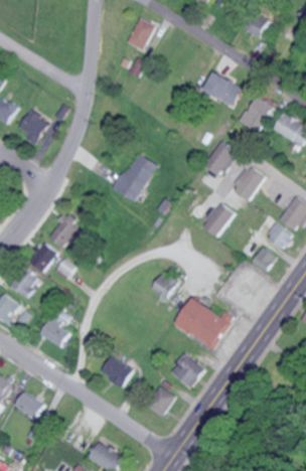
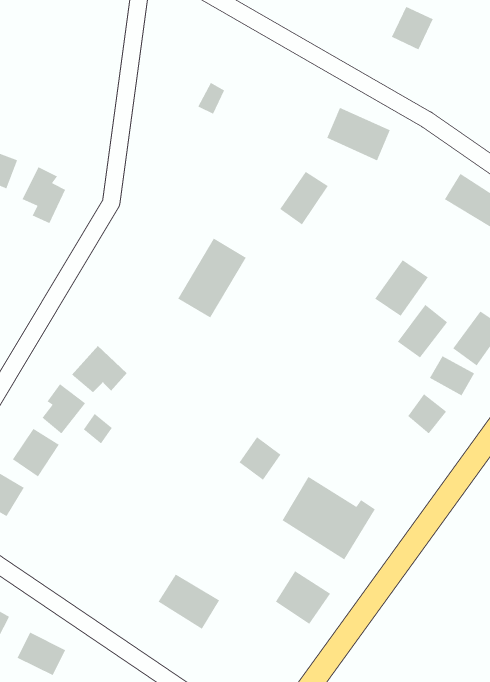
building: [123,18,150,49] -> none
building: [241,96,279,133] -> none
building: [204,142,235,175] -> [279,171,329,226]
building: [200,202,232,236] -> [397,304,448,358]
building: [40,313,68,346] -> none
building: [147,385,176,415] -> none

